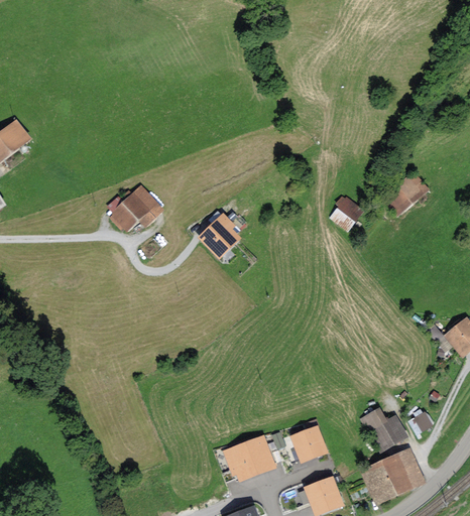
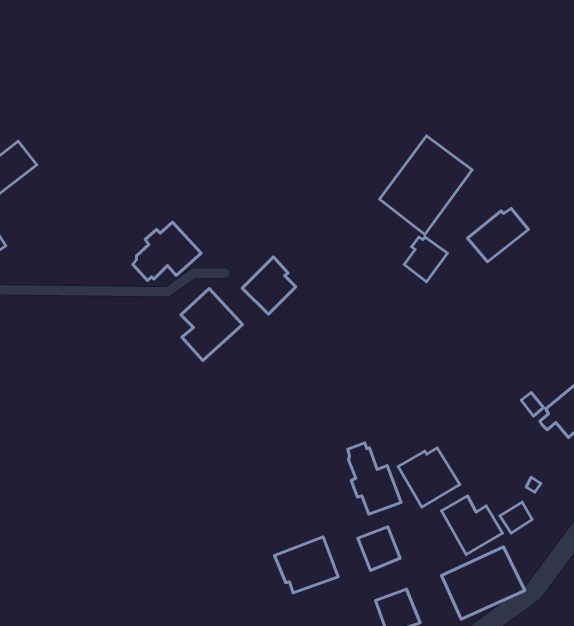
building: none -> [379,136,472,235]
building: none -> [181,289,243,360]
building: none -> [348,443,401,514]
building: none -> [398,448,460,507]

